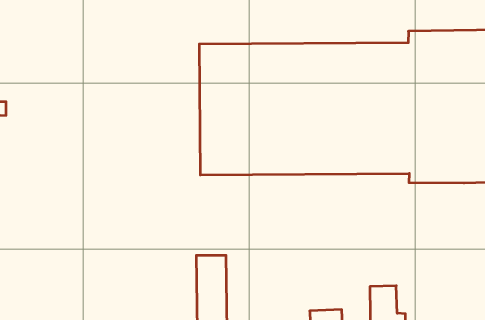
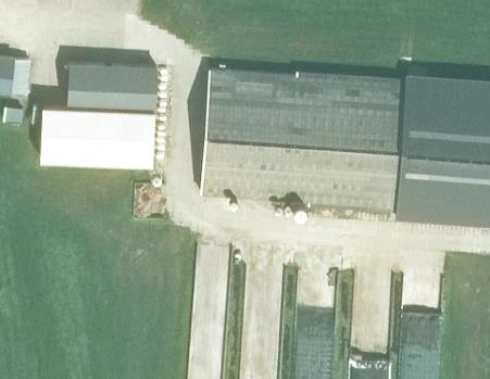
building: none -> [43,64,156,163]

